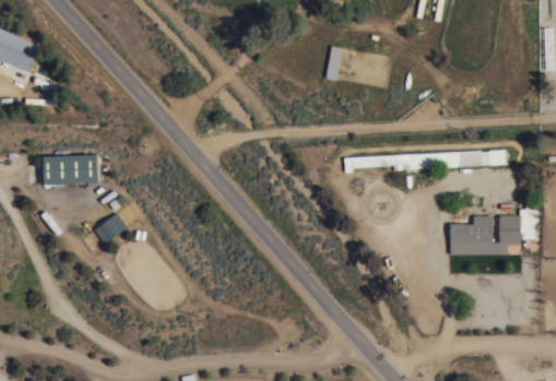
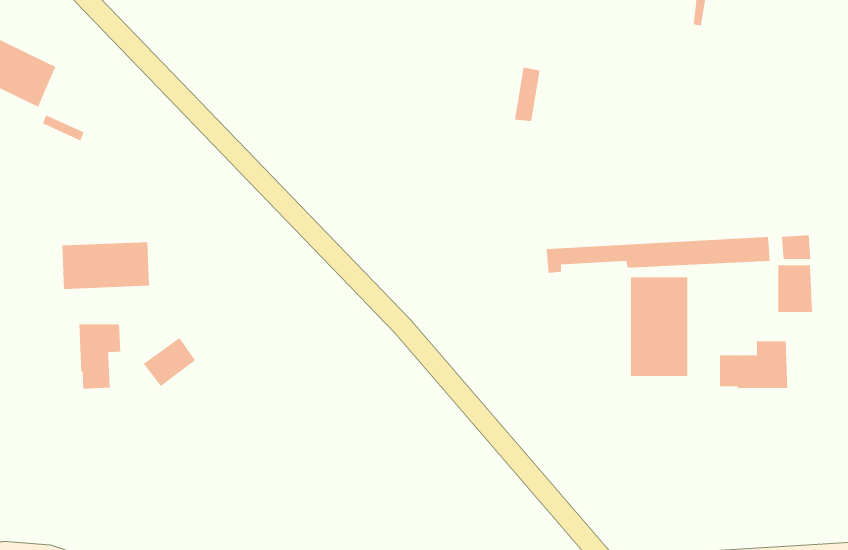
building: none -> [630,276,688,377]
building: none -> [79,323,121,389]
building: [500,215,522,245] -> [777,265,813,313]

